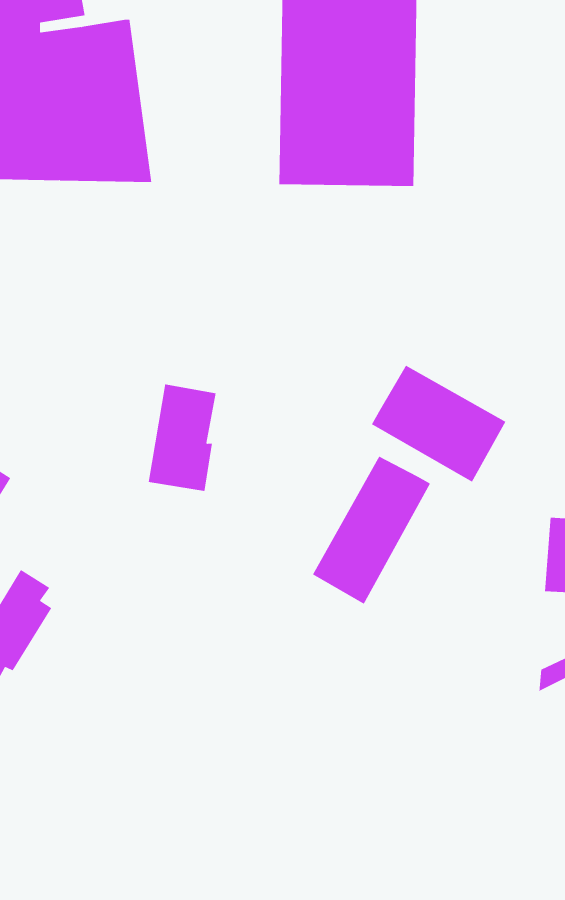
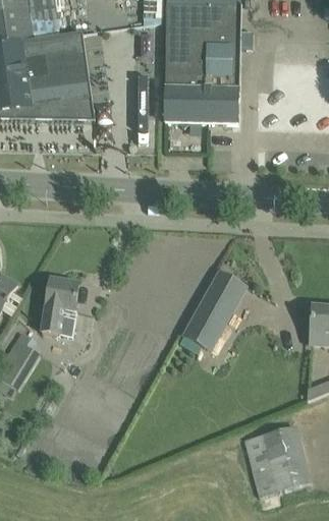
building: [371,365,506,483] -> none
building: [148,384,216,492] -> [40,277,77,336]
building: none -> [242,423,311,496]

